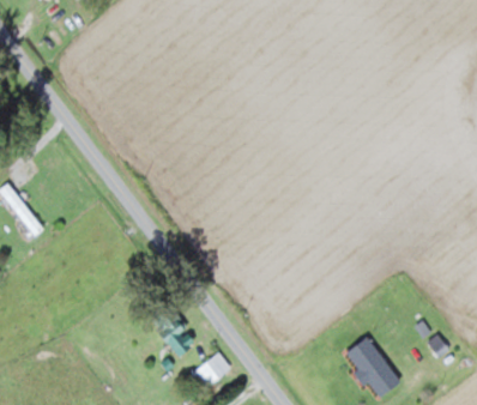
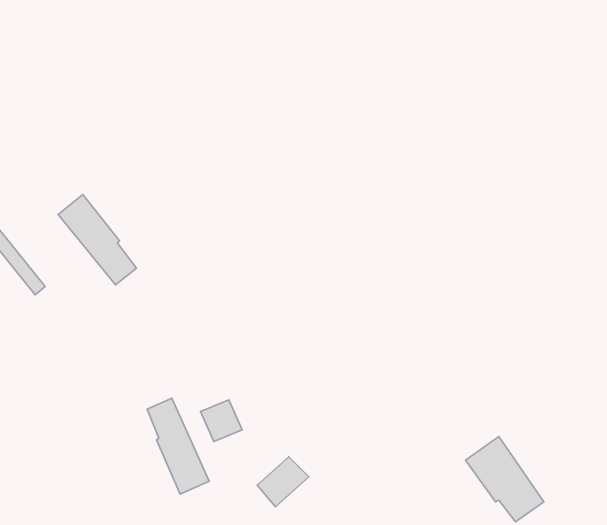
building: none -> [58,195,137,285]
building: none -> [147,398,209,494]

